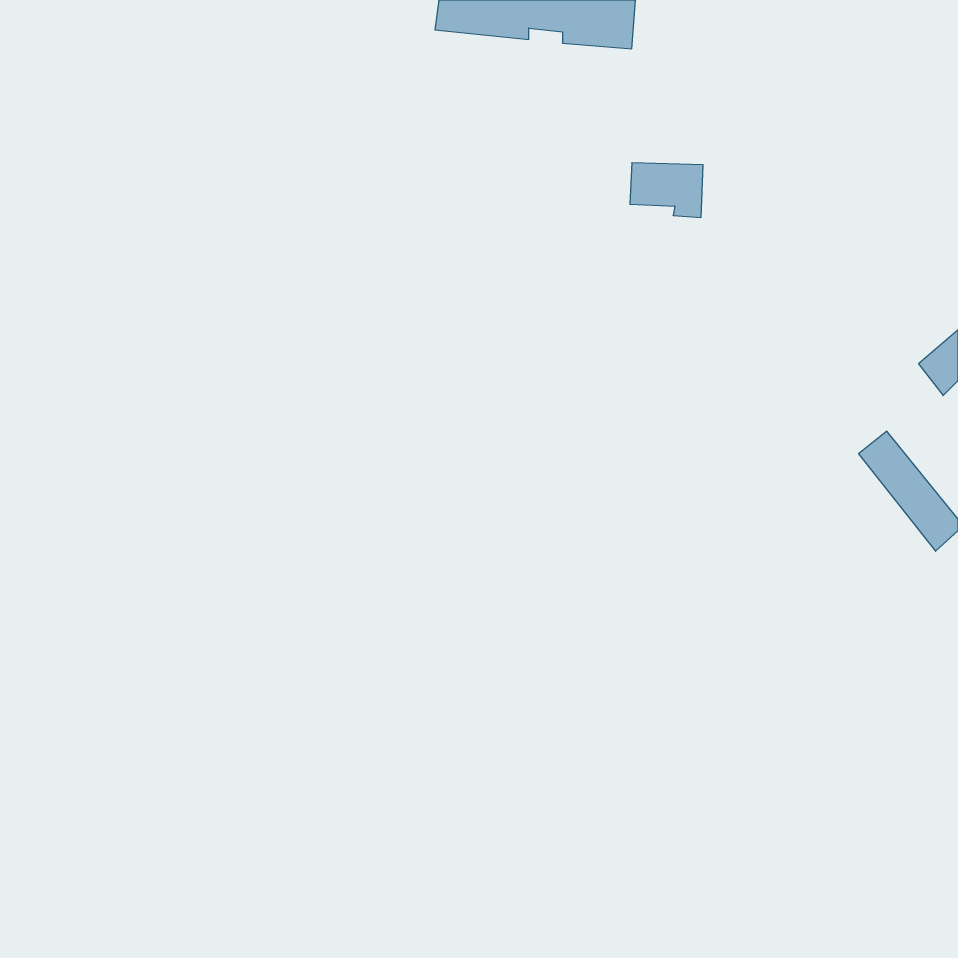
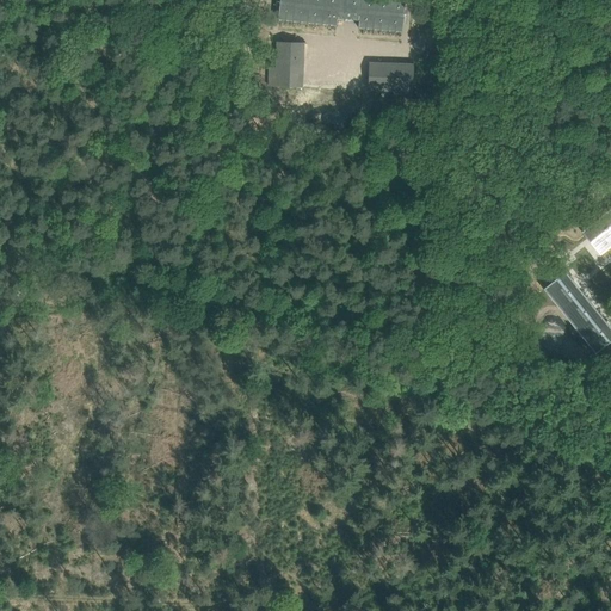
building: none -> [269,41,304,87]
building: [630,163,703,217] -> [366,61,413,95]

